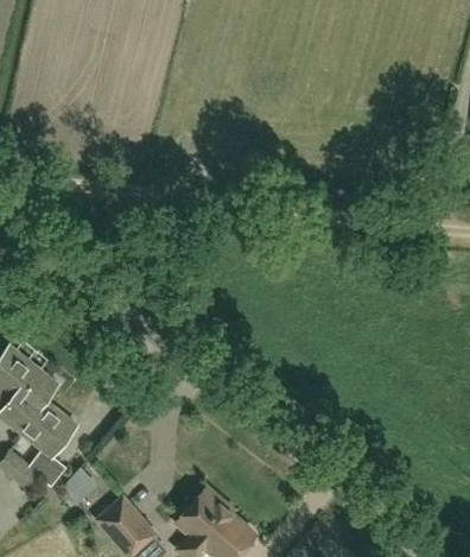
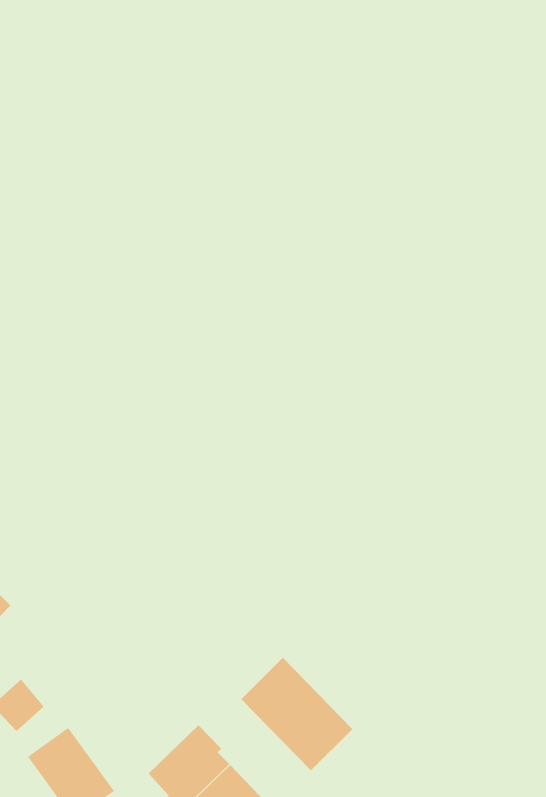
building: none -> [241,657,353,771]

